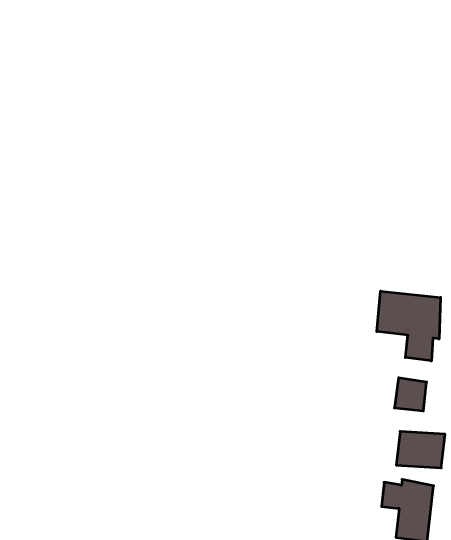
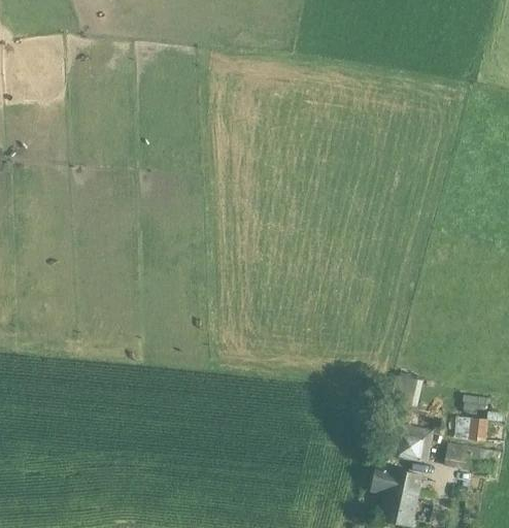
building: [377,291,441,361] -> none

